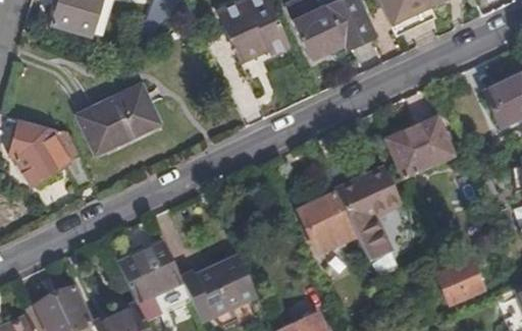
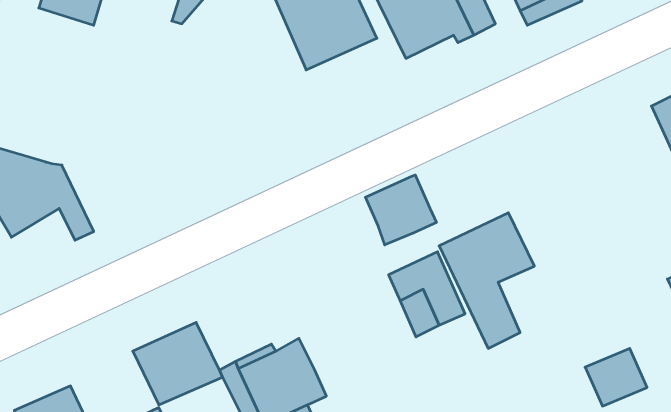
building: [77,84,160,154] -> none
building: [385,118,452,177] -> none
building: none -> [365,175,436,245]

